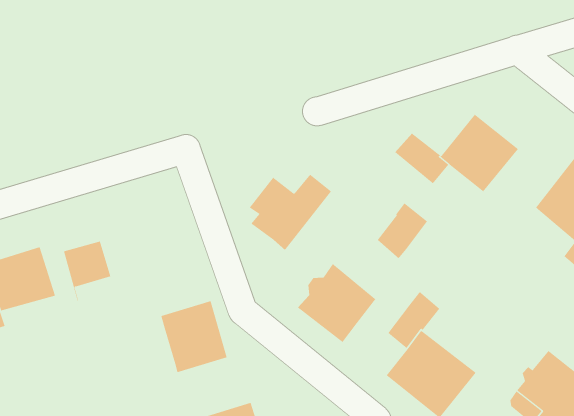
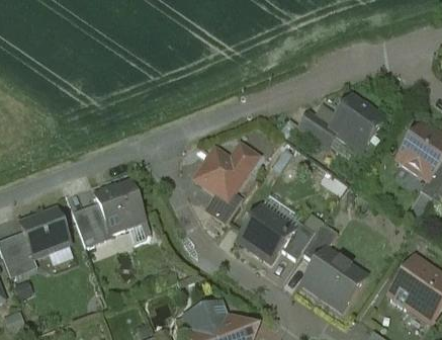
building: [377,202,428,259] -> [281,219,316,258]
building: none -> [208,192,242,221]
building: [160,301,227,373] -> [96,180,145,232]

